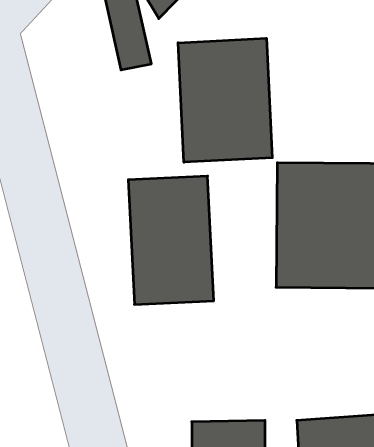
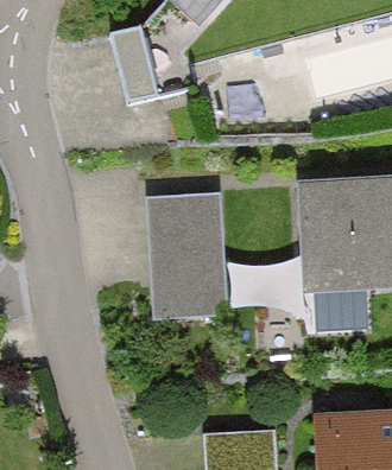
building: [178,38,272,162] -> none

